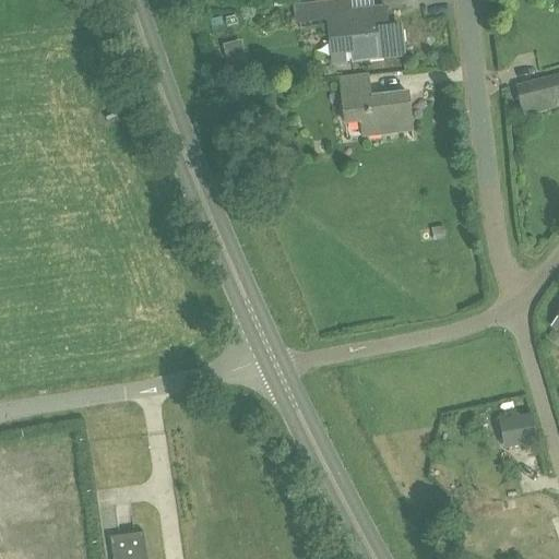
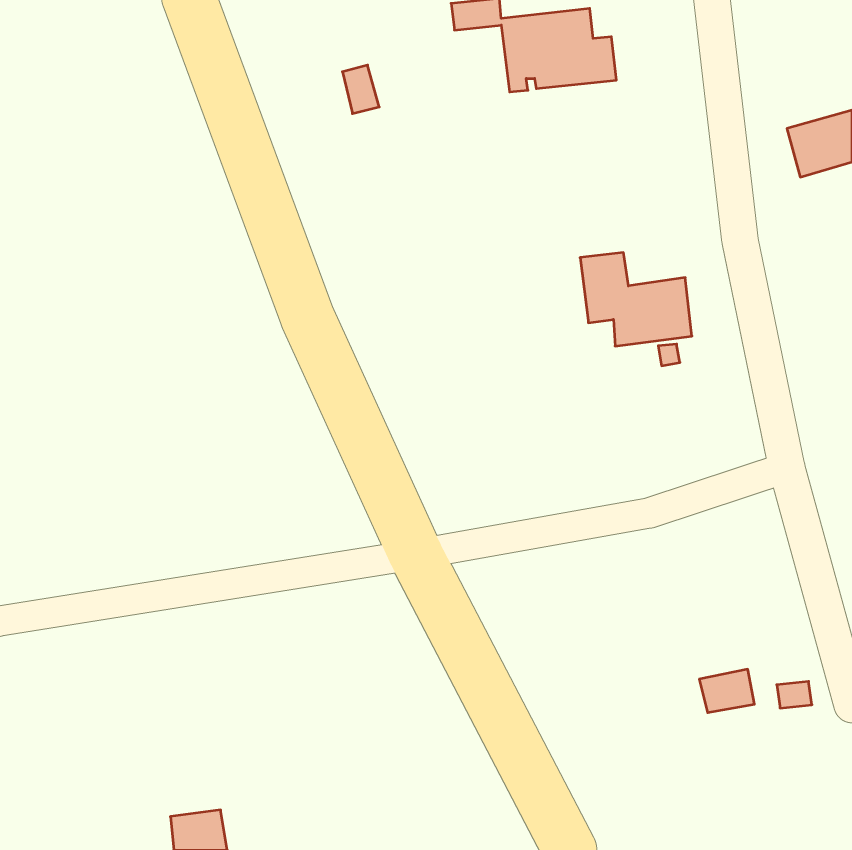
building: [338,73,412,134] -> [580,253,692,346]
building: [500,414,536,442] -> [699,669,754,713]

